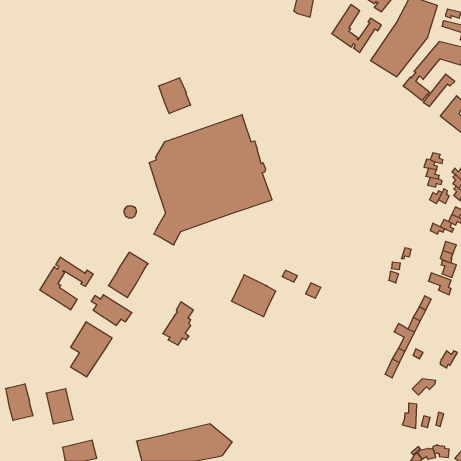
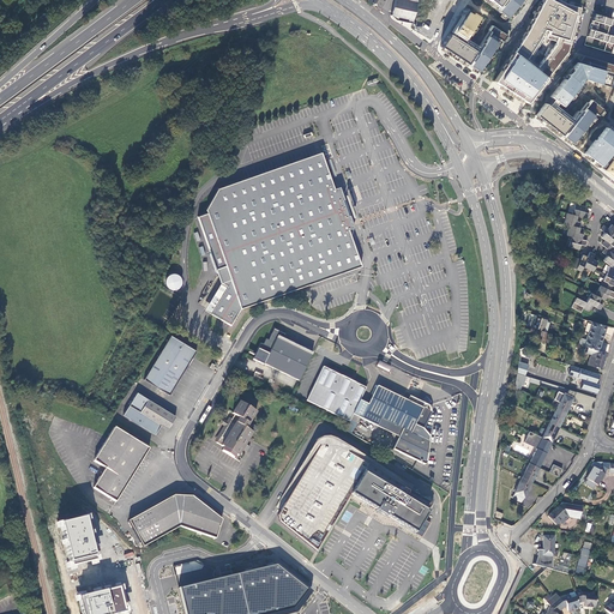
building: [158,78,191,114] -> none
building: none -> [254,327,314,380]
building: [40,257,93,310] -> none
building: none -> [354,385,433,464]
building: none -> [279,445,433,549]
building: none -> [130,494,222,544]
building: [5,384,33,421] -> none

